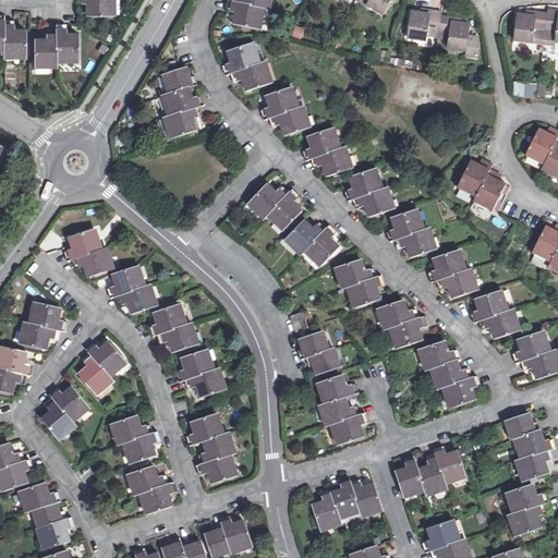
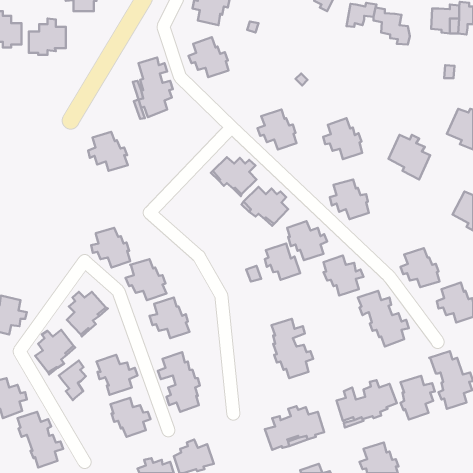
building: [260,88,306,135] -> none
building: [344,169,390,217] -> [323,118,362,159]
building: [63,230,110,276] -> [88,132,128,171]
building: [427,250,474,298] -> none
building: [22,303,66,349] -> none
building: [298,331,339,374] -> [265,244,300,280]
building: none -> [59,360,86,400]
building: [507,483,547,534] -> [401,376,435,419]

